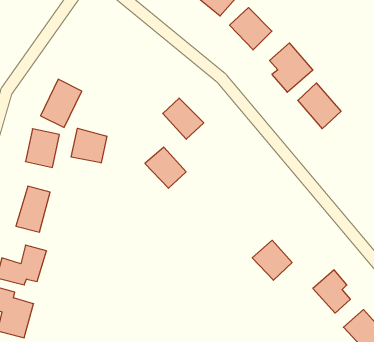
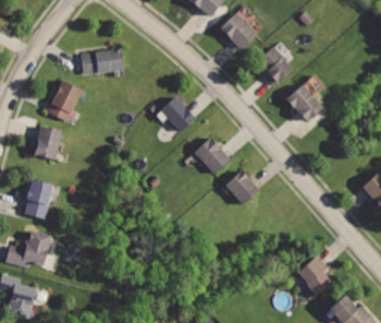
building: none -> [83,46,125,74]
building: [71,128,107,163] -> none
building: [145,147,186,188] -> [194,136,232,175]
building: [252,240,292,280] -> [224,169,261,206]

